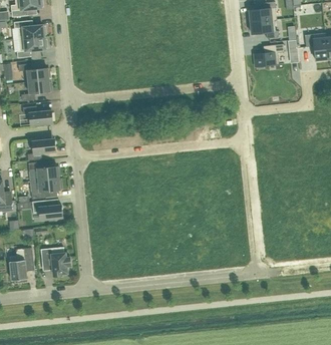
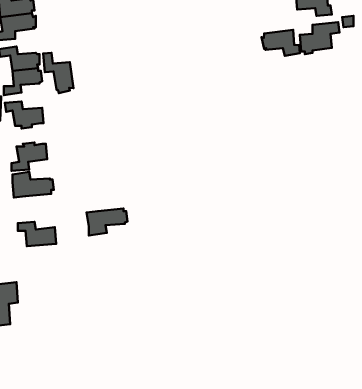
building: none -> [261,30,300,56]
building: none -> [43,53,73,93]
building: [29,178,61,199] -> [86,209,127,235]
building: [40,246,70,275] -> none

